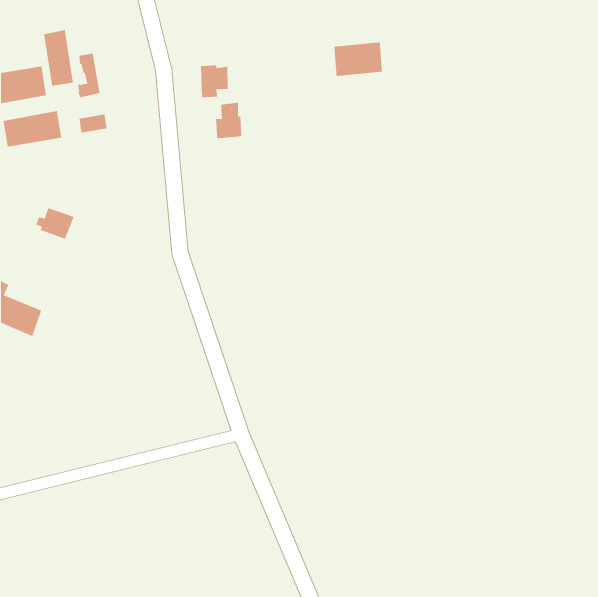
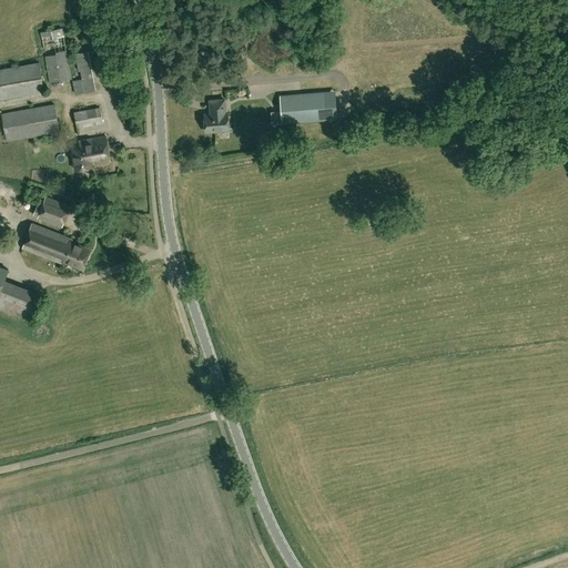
building: [334,42,383,77] -> [280,90,326,123]
building: [200,64,228,98] -> none
building: none -> [71,135,111,171]
building: none -> [22,223,90,268]

